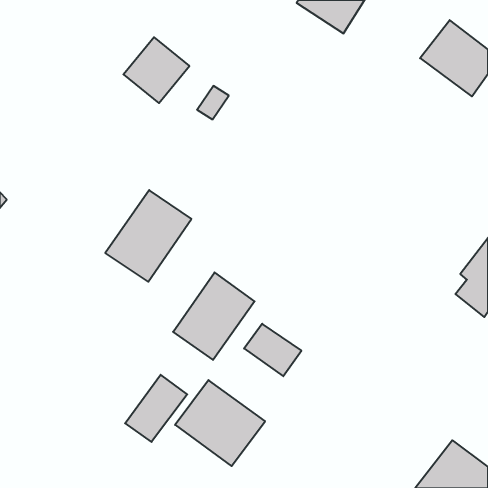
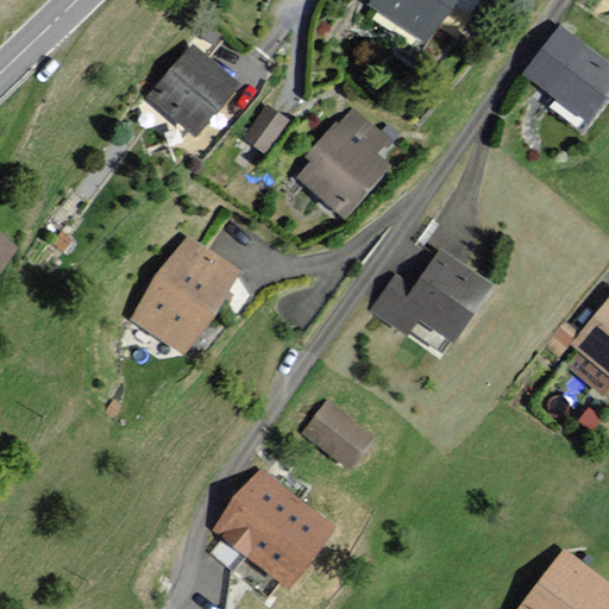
building: none -> [301,109,387,213]
building: none -> [369,246,492,352]
building: [173,272,255,360] -> none
building: [125,375,187,442] -> none

